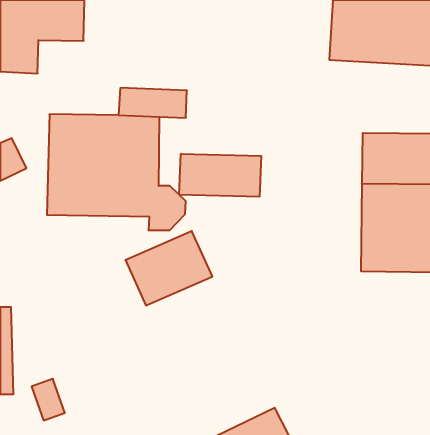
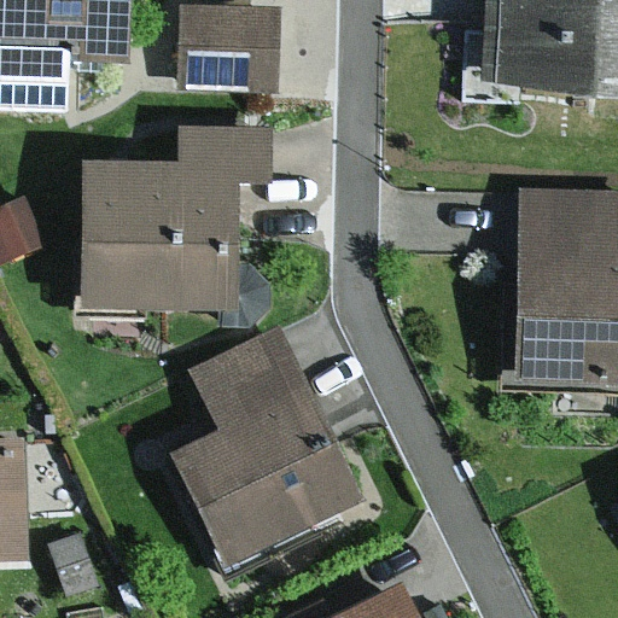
building: none -> [181,6,280,92]
building: [179,154,261,197] -> none
building: none -> [170,392,357,562]

